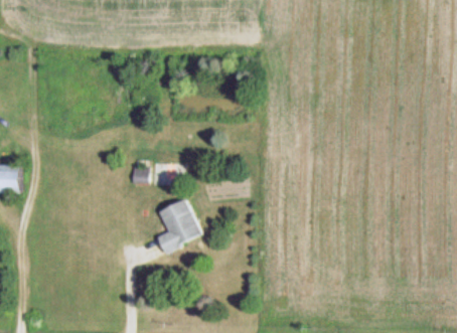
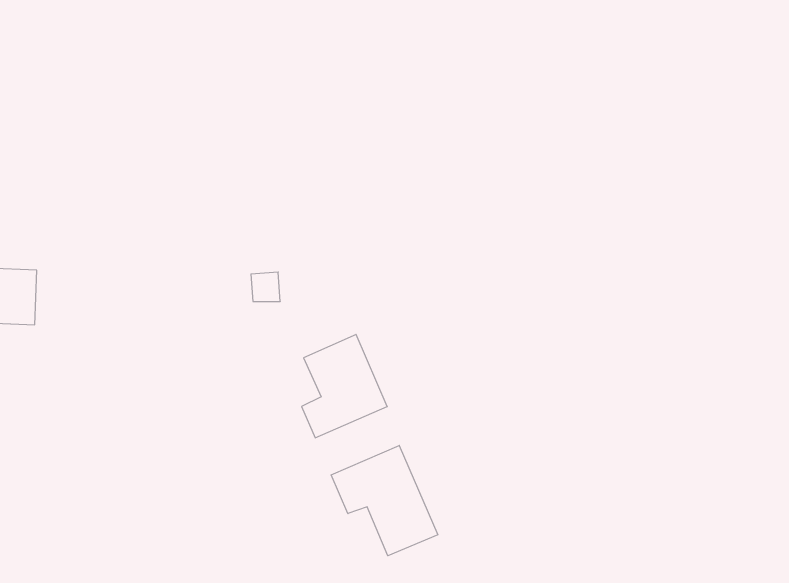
building: none -> [331,445,438,556]

